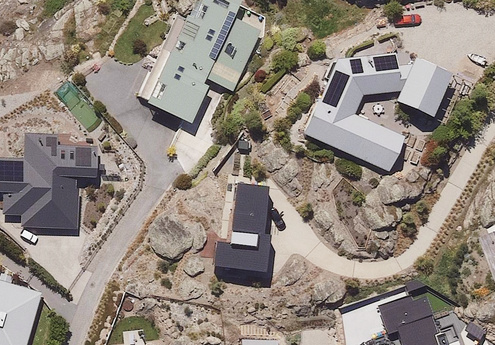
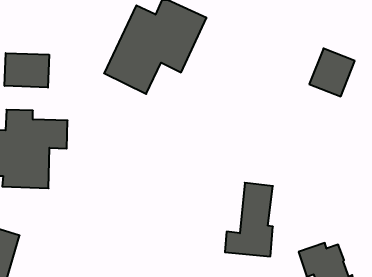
building: [300,55,401,173] -> none
building: none -> [5,53,49,88]
building: [213,183,271,272] -> [225,183,273,256]

